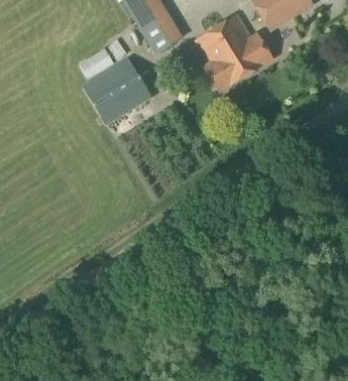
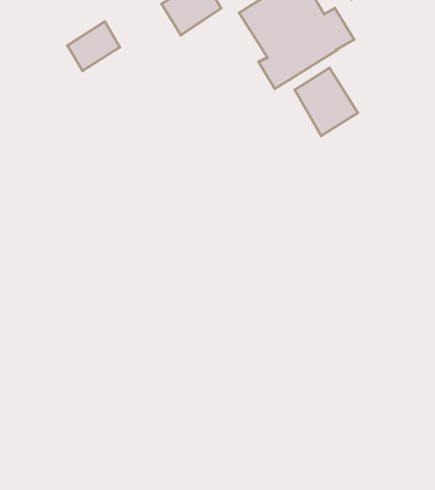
building: [84,60,151,125] -> none
building: none -> [295,68,358,136]

